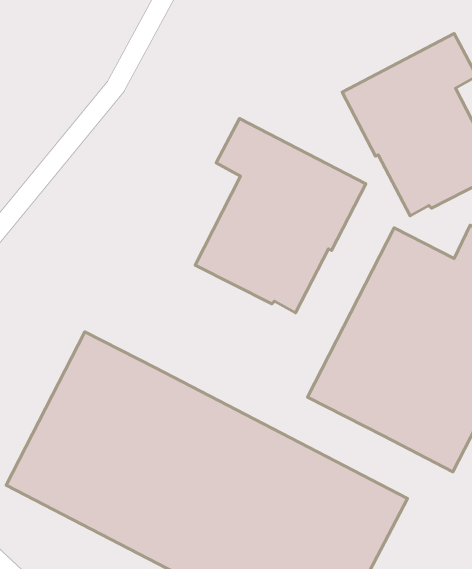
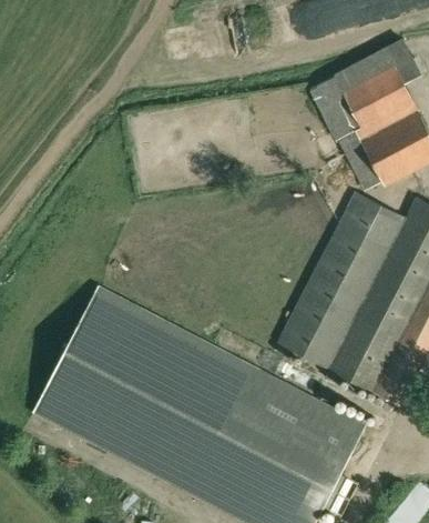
building: [195,119,366,313] -> none

